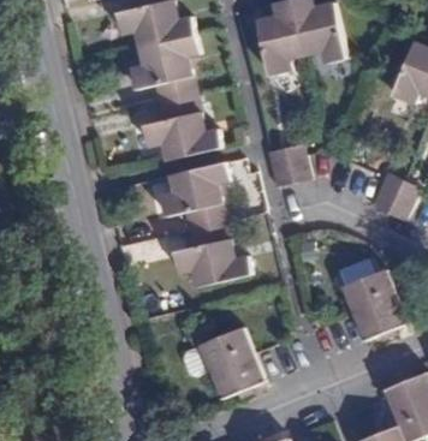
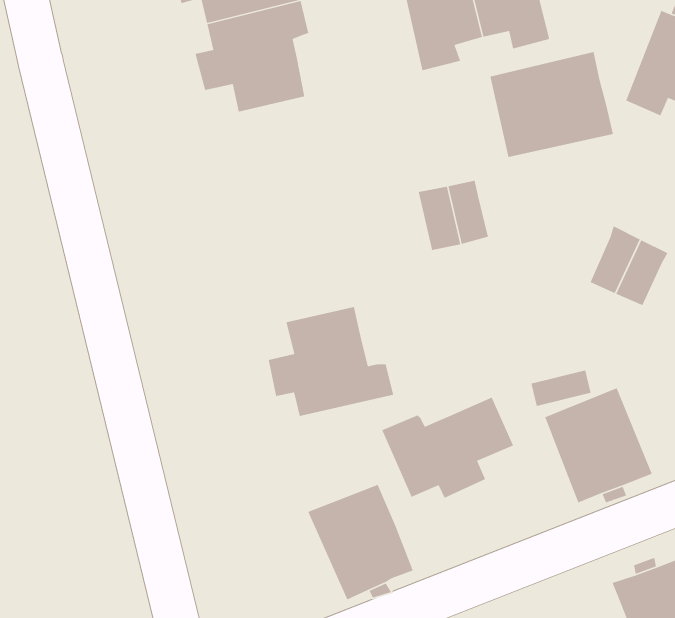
building: none -> [490,51,614,158]
building: [143,93,220,161] -> none
building: [160,161,228,230] -> none
building: none -> [381,396,514,499]

